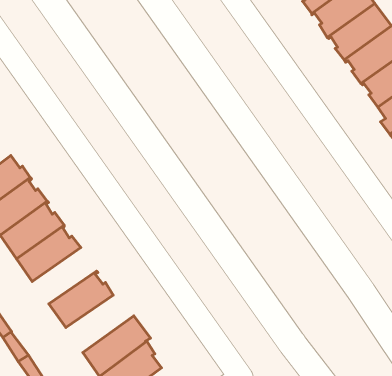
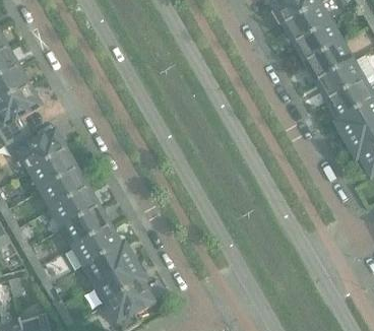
building: none -> [60,204,110,245]
building: none -> [82,241,135,284]

